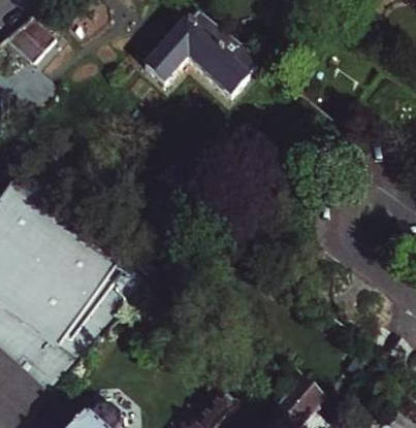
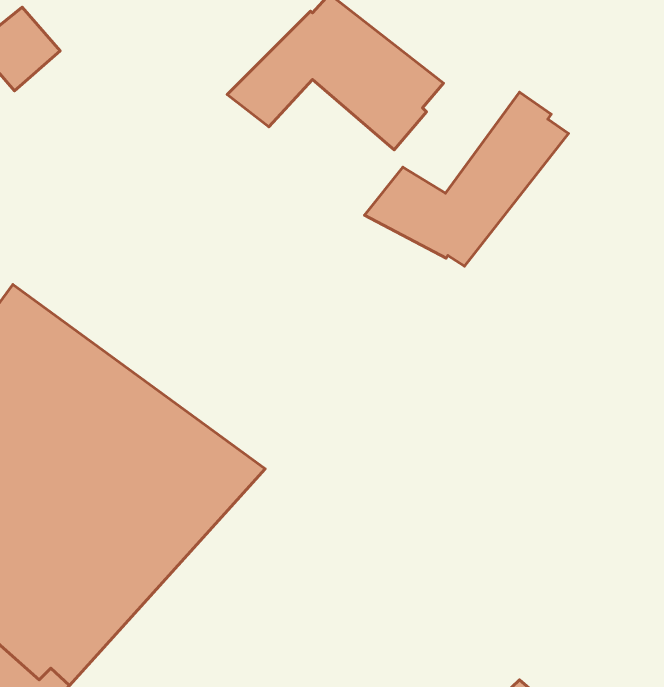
building: none -> [365,92,568,266]

